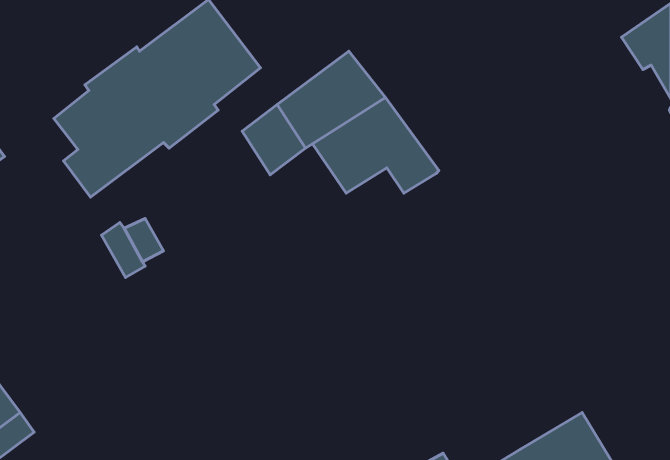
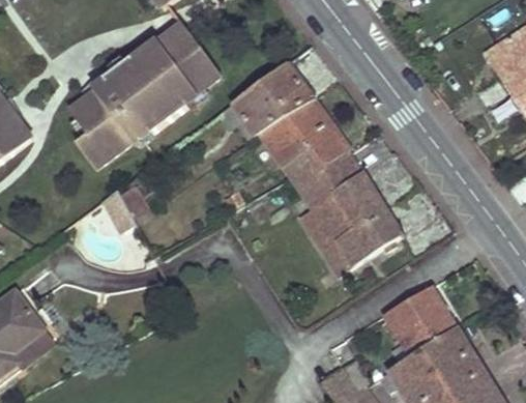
building: none -> [284,147,402,274]
building: none -> [386,285,459,354]

